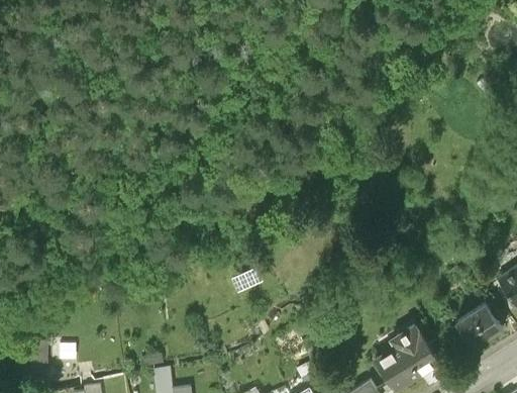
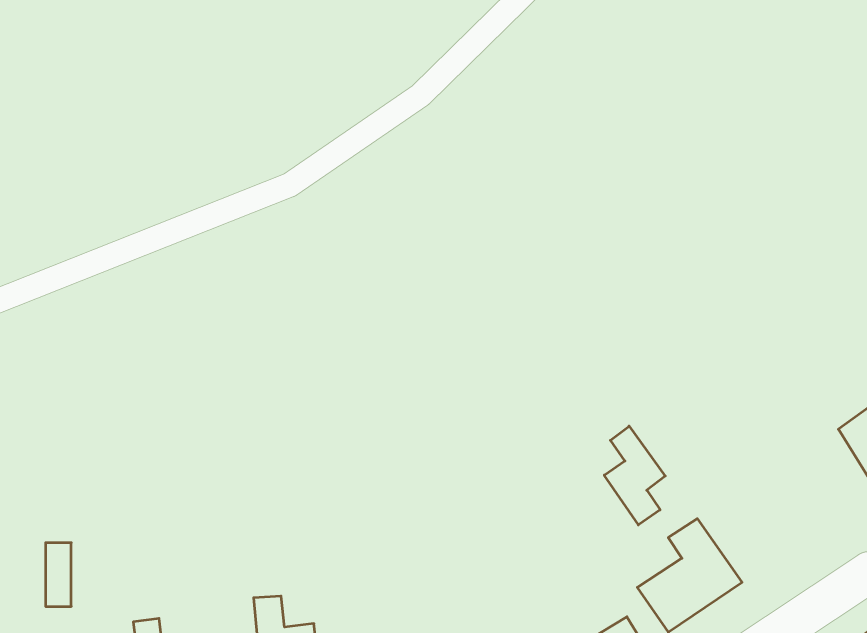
building: none -> [604,426,665,525]
building: [455,298,503,346] -> none

